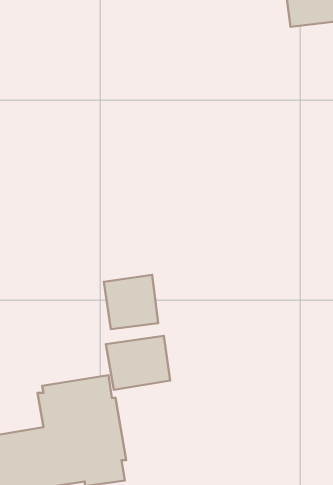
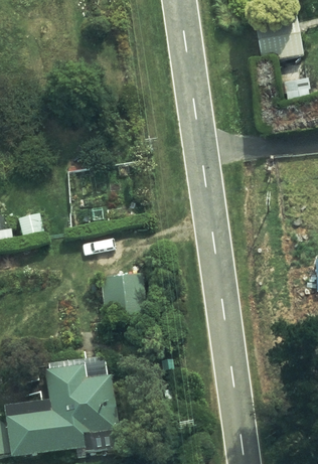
building: [106,336,170,390] -> none

